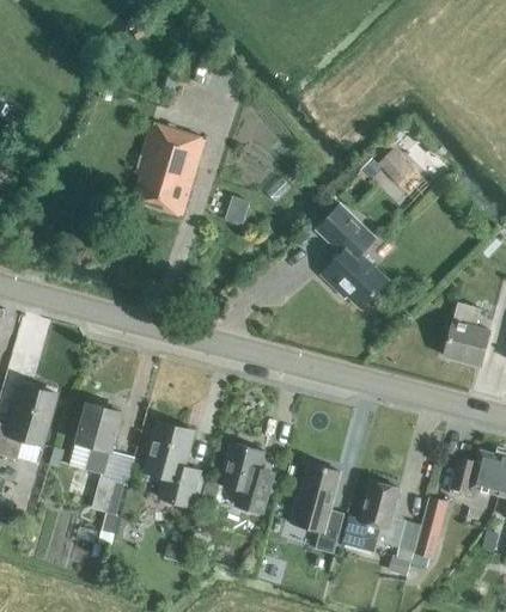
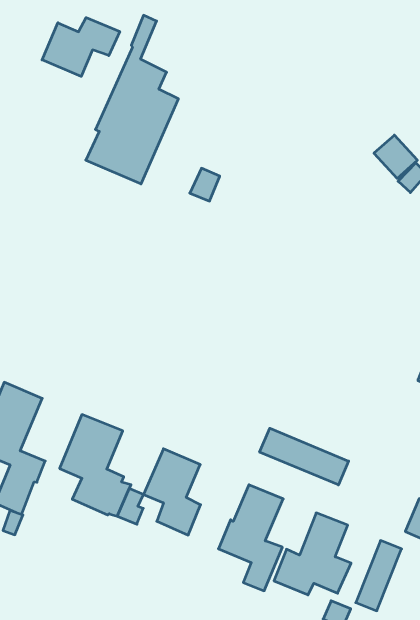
building: none -> [42,18,120,76]
building: [316,204,386,308] -> none
building: none -> [260,428,349,485]

